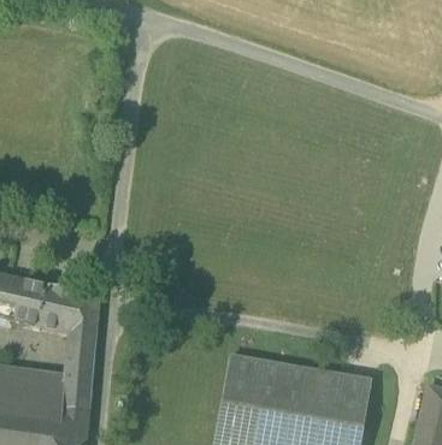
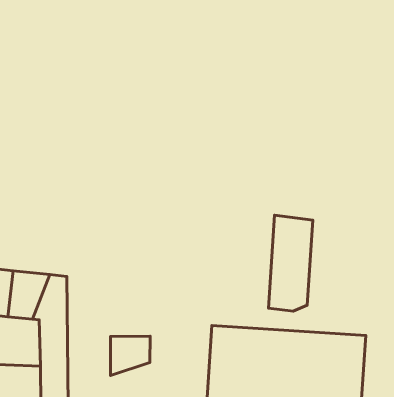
building: none -> [269,215,313,311]
building: none -> [111,336,150,375]

